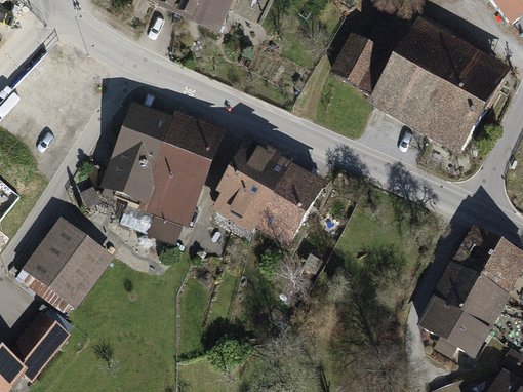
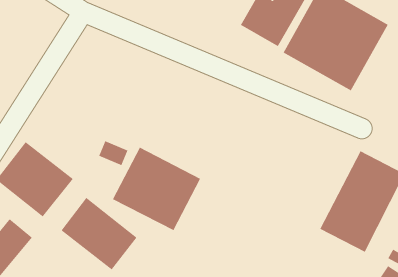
building: [104,103,224,223] -> none
building: [216,142,326,245] -> [112,147,201,231]
building: none -> [61,197,138,270]

